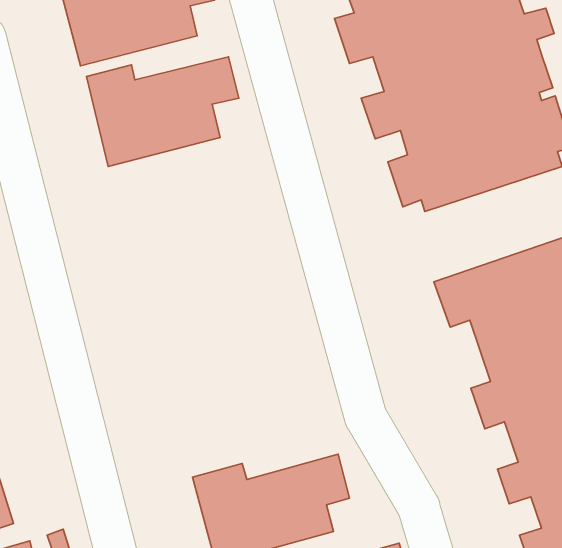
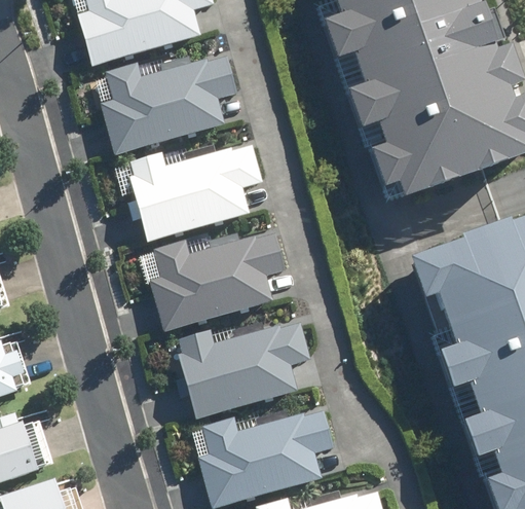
building: none -> [119,144,258,241]
building: none -> [145,233,282,330]
building: none -> [178,320,309,416]

